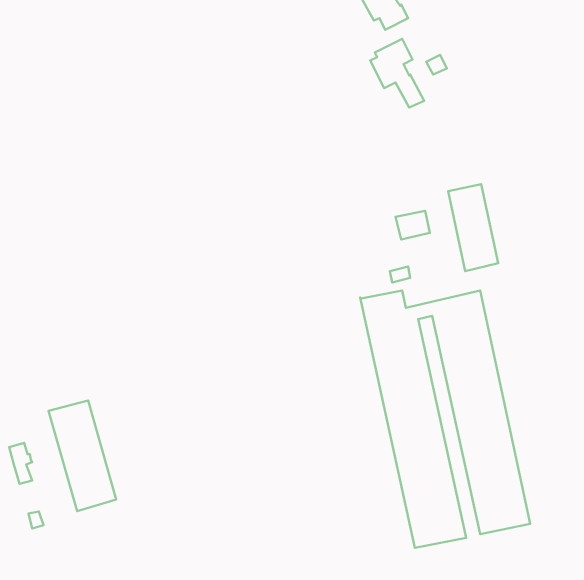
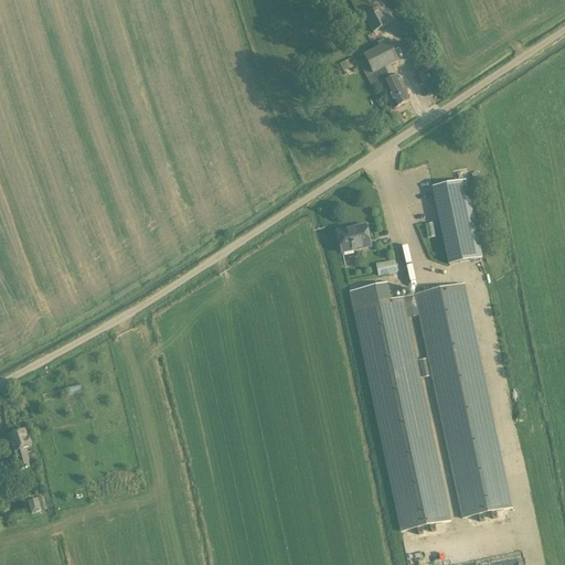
building: [395,211,430,240] -> [337,222,370,249]
building: [48,401,116,511] -> none

